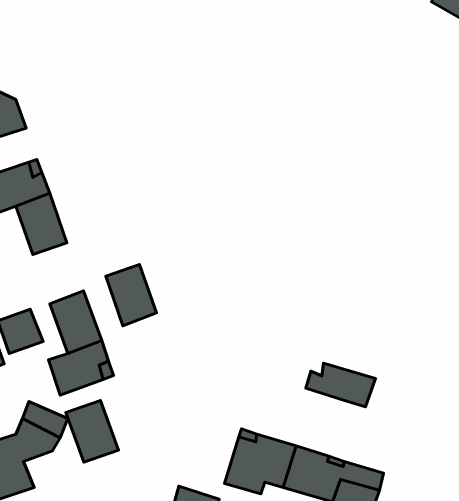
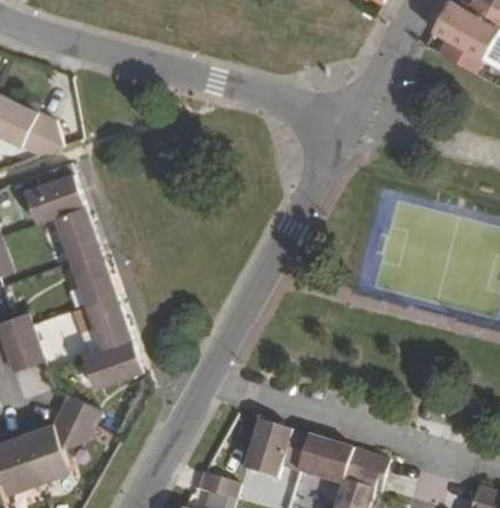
building: [106,265,157,326] -> [69,250,115,306]
building: [306,363,376,407] -> none
building: [66,400,119,462] -> none

